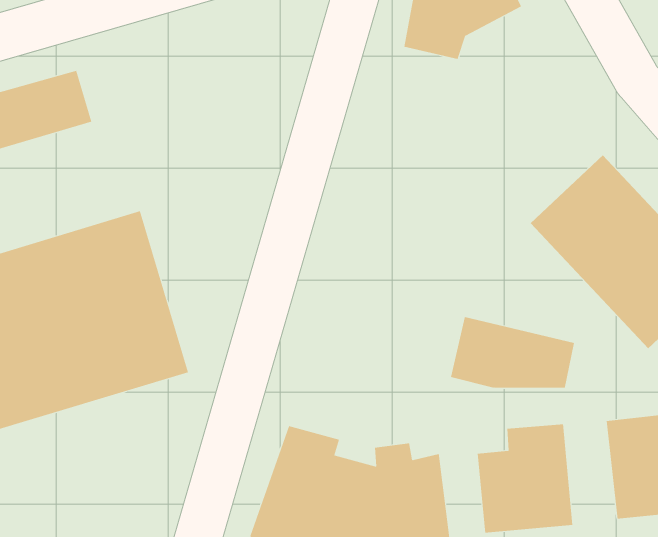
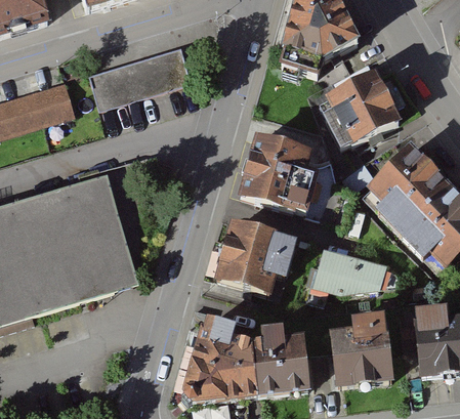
building: none -> [89,47,195,110]
building: none -> [324,69,401,146]
building: none -> [239,132,327,214]
building: none -> [213,221,293,298]

